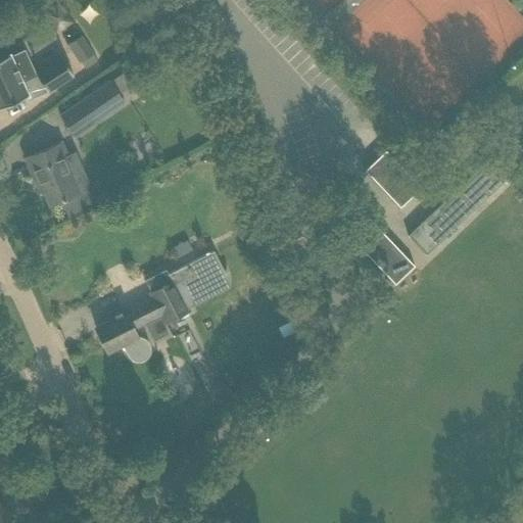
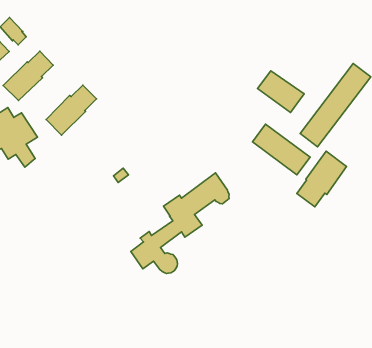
building: none -> [46,85,97,135]
building: [96,251,227,363] -> [131,173,229,273]
building: none -> [297,151,346,207]

